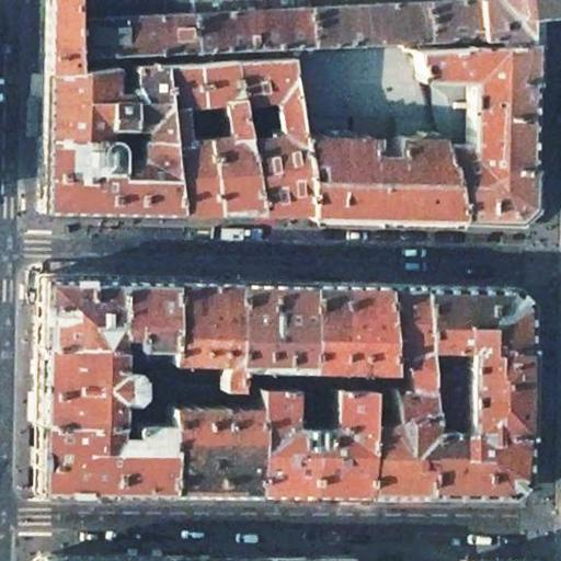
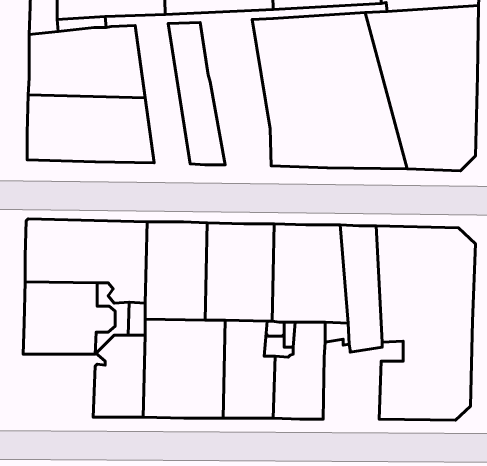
building: [239,60,317,220] -> none
building: [168,65,228,218] -> none
building: [374,419,438,497] -> none
building: [44,426,124,495] -> none

